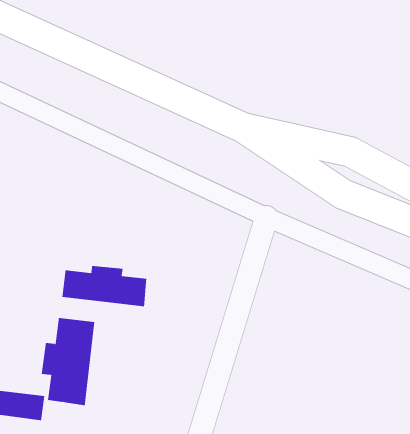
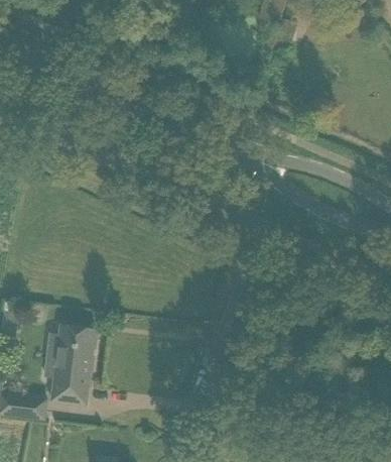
building: [62,265,147,307] -> none

